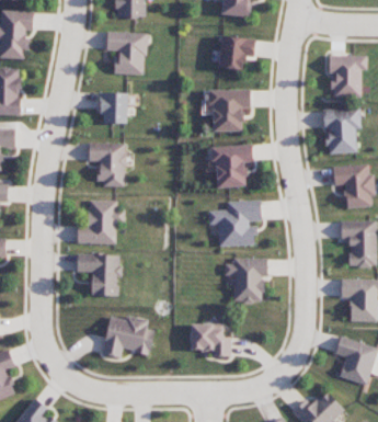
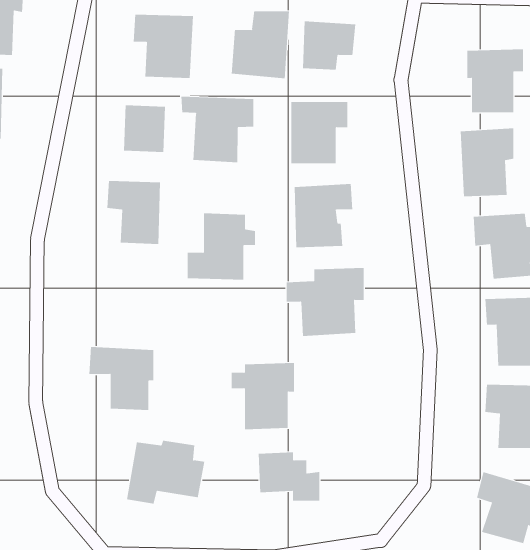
building: none -> [231,10,290,79]
building: none -> [181,96,254,163]
building: [77,199,123,244] -> [187,213,256,280]
building: [224,258,266,303] -> [231,362,295,430]

